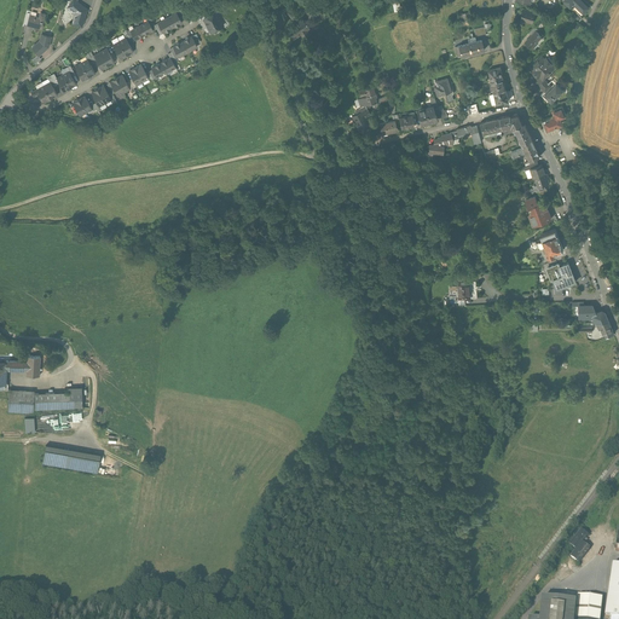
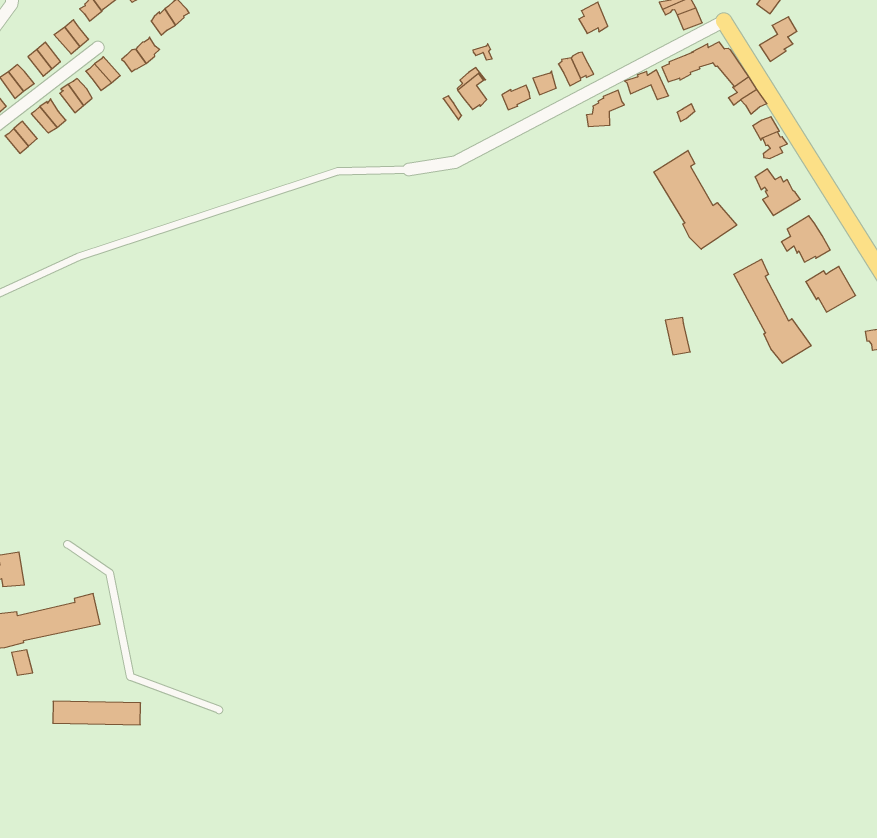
building: none -> [654,150,737,249]
building: none -> [734,259,811,363]

